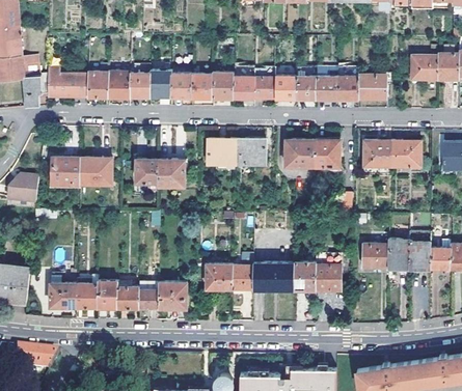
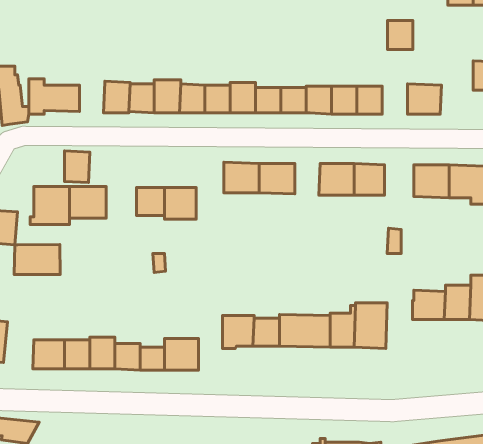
building: [88,72,109,97] -> [65,151,90,183]
building: [336,75,357,99] -> [387,20,413,50]
building: none -> [14,245,60,275]

